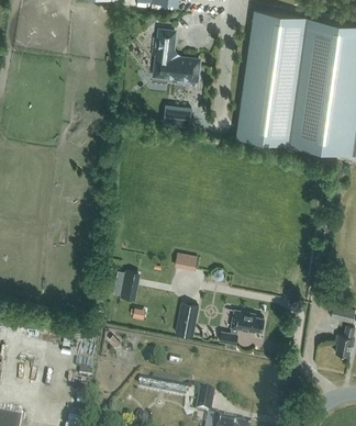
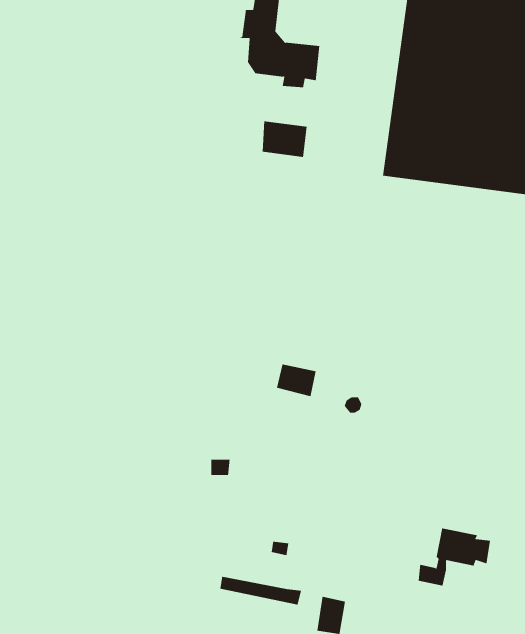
building: [119,269,140,299] -> none
building: [175,302,198,335] -> none
building: [219,309,263,344] -> [418,528,491,586]

